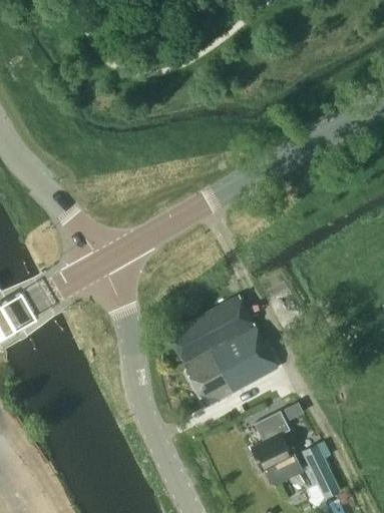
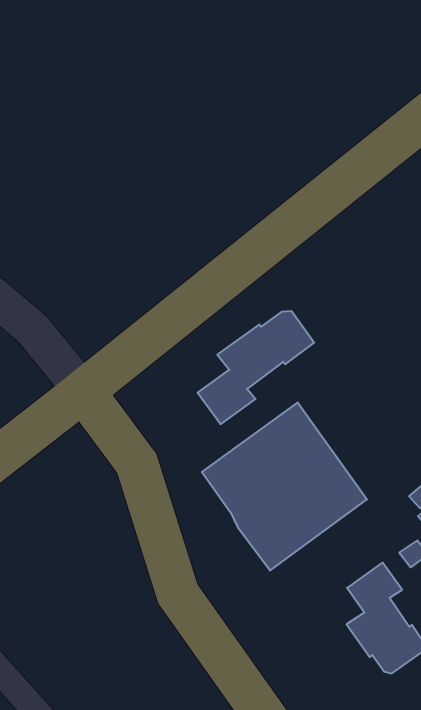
building: none -> [198,311,314,424]

